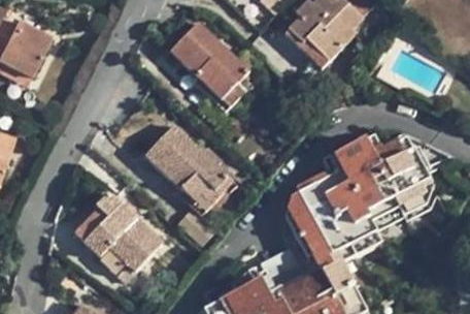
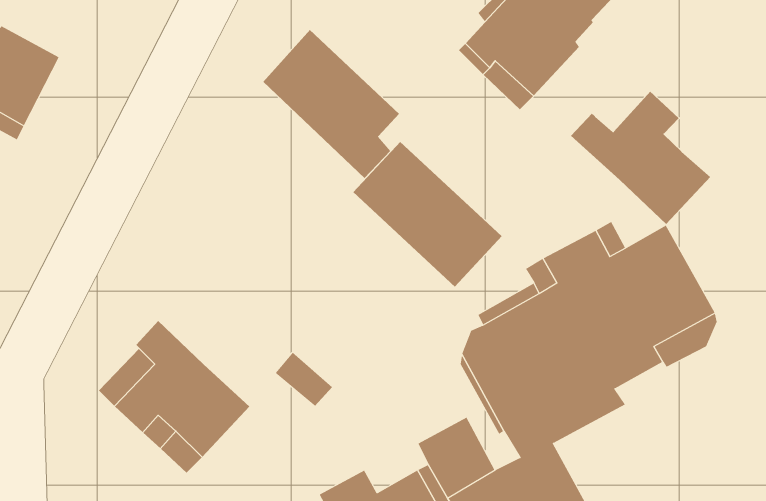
building: none -> [570,91,711,225]
building: [145,125,233,211] -> [352,141,502,287]

